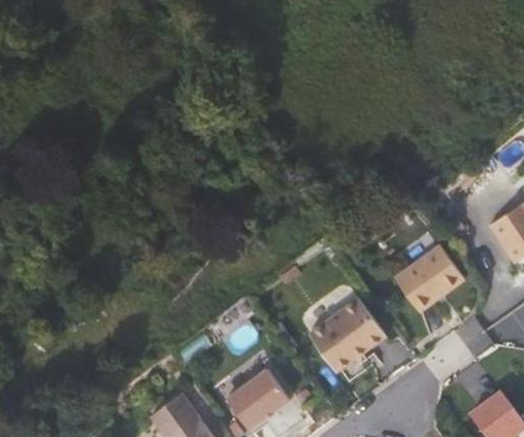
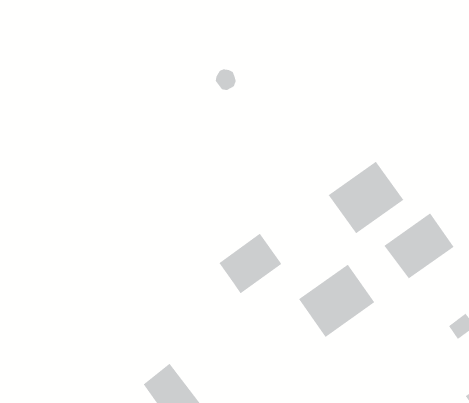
building: none -> [328,161,404,234]
building: [227,367,290,428] -> [218,233,282,294]

